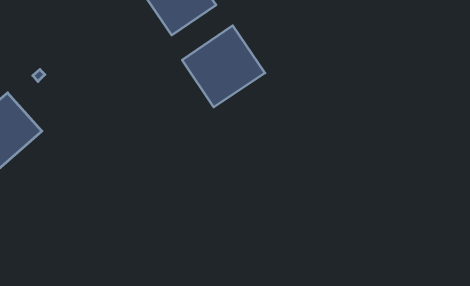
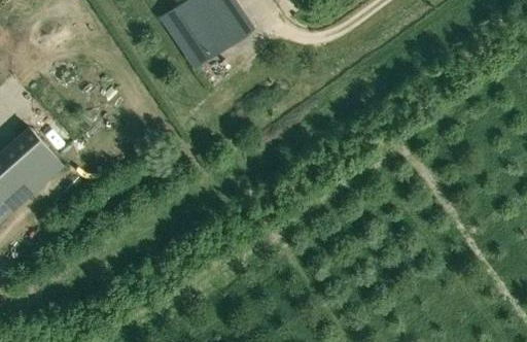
building: [182,26,265,107] -> none

